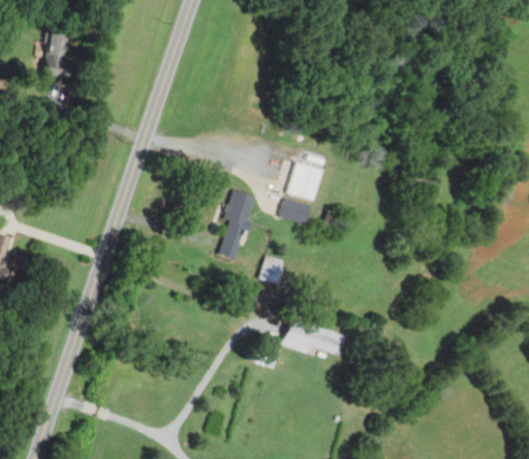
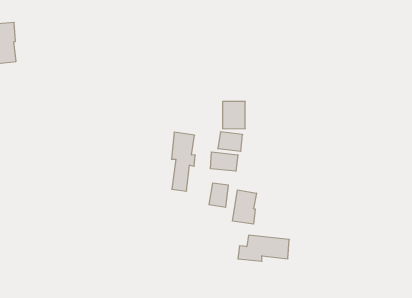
building: none -> [211,152,238,171]
building: none -> [233,190,256,224]

